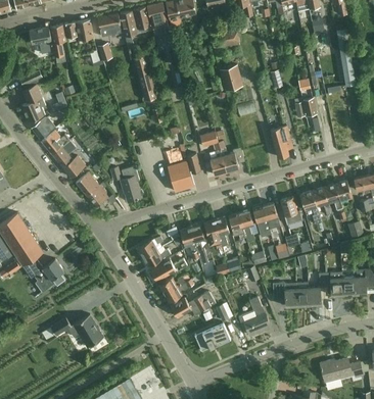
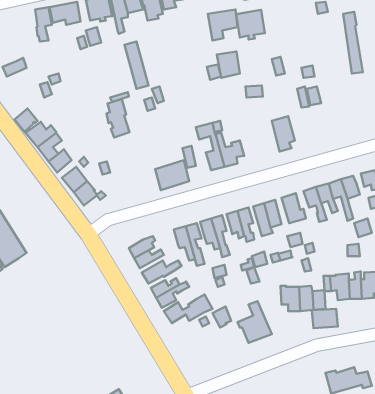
building: [30,27,53,54] -> none
building: none -> [236,10,265,39]
building: [22,87,46,122] -> none
building: [121,166,142,202] -> [106,99,130,138]
building: [22,257,64,292] -> none
building: none -> [312,309,338,328]
building: [50,314,104,348] -> none
building: [195,323,231,352] -> none

